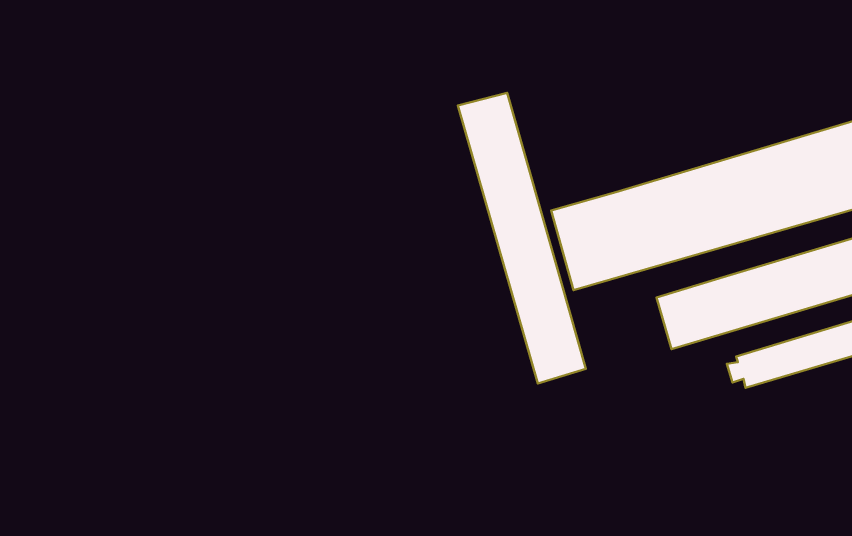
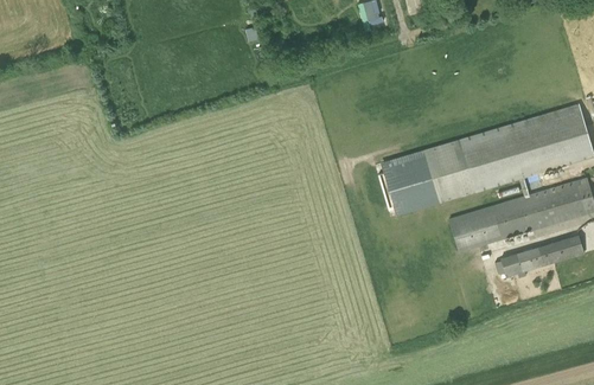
building: [458,93,586,384] -> none

